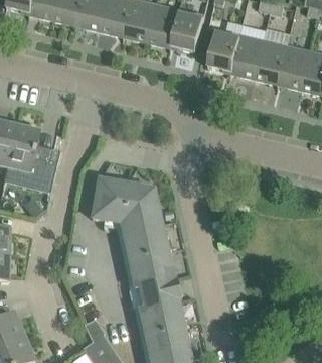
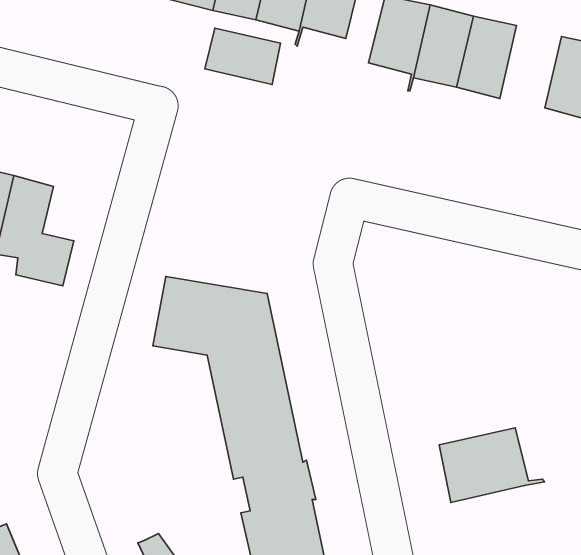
building: [278,45,311,90] -> none
building: none -> [205,28,281,84]
building: none -> [439,428,544,502]

